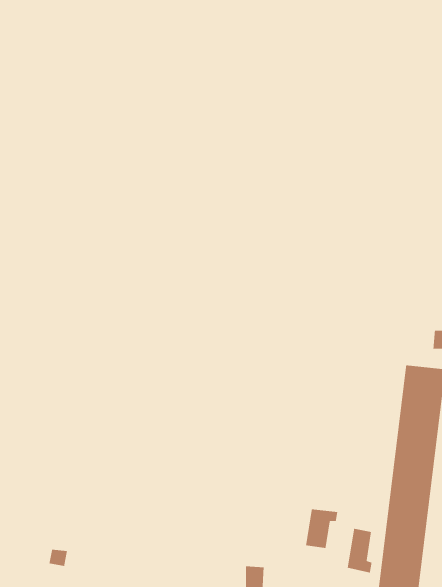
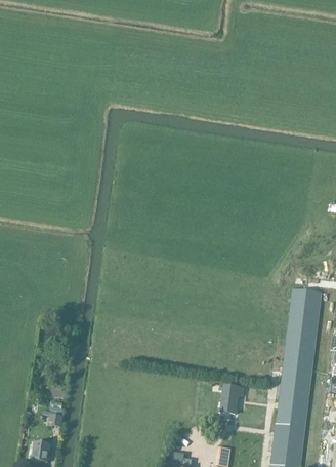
building: [347,528,372,573] -> none

